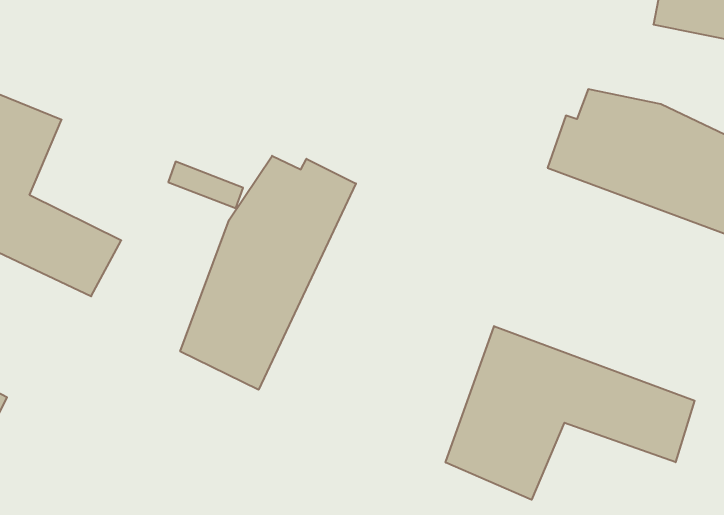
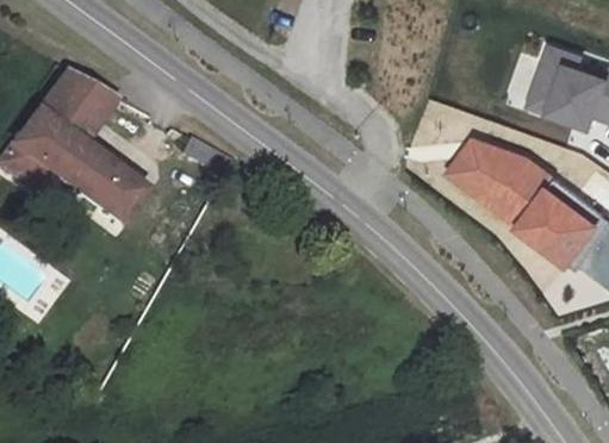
building: [180,156,356,390] -> none
building: [446,326,695,500] -> none

